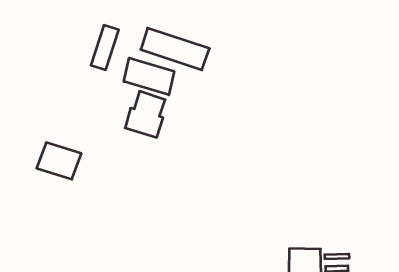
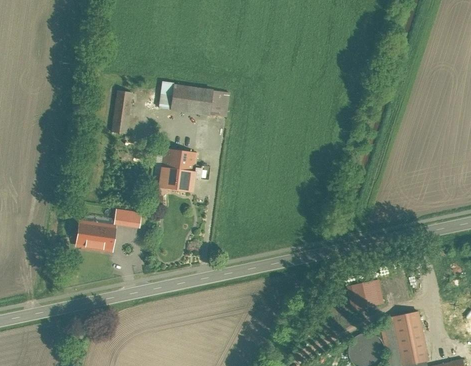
building: [124,58,174,95] -> none
building: none -> [115,206,143,225]

